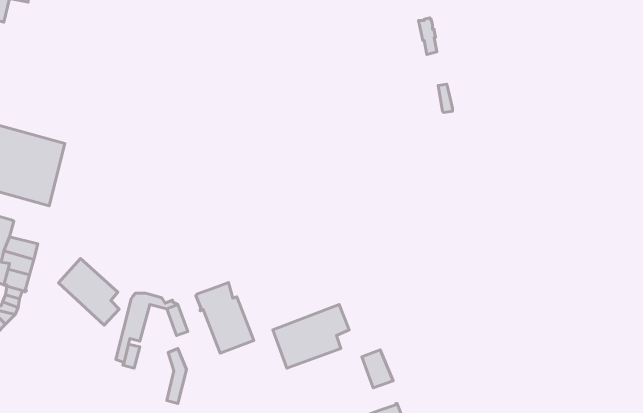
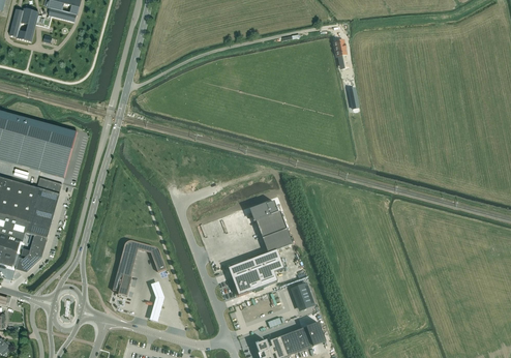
building: none -> [35,177,61,204]
building: [58,259,119,325] -> none
building: [196,283,254,353] -> [250,200,293,251]

